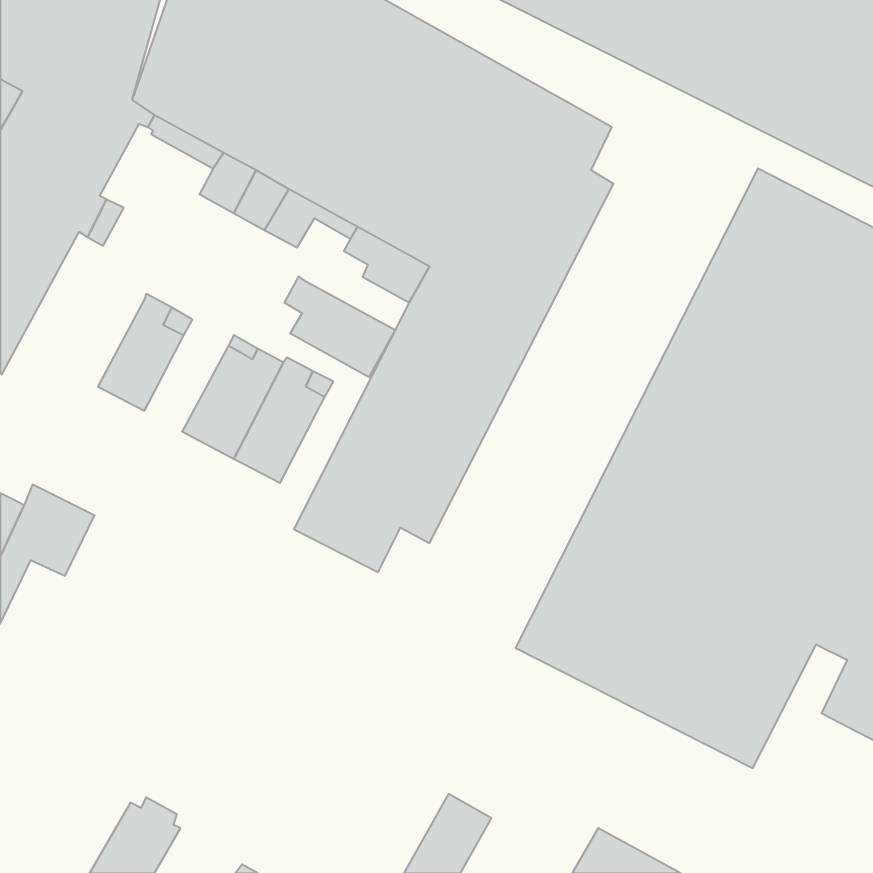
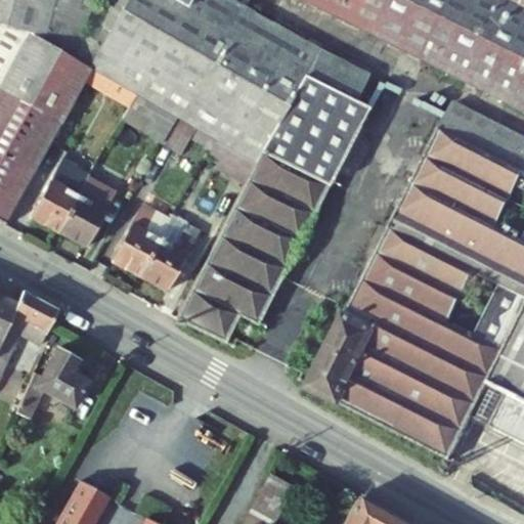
building: none -> [32,156,89,230]
building: [284,276,395,377] -> none
building: none -> [17,347,90,417]

